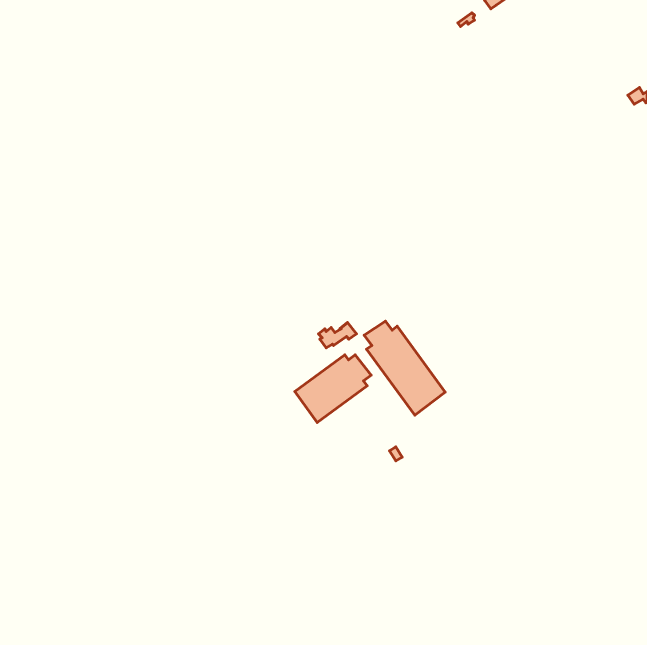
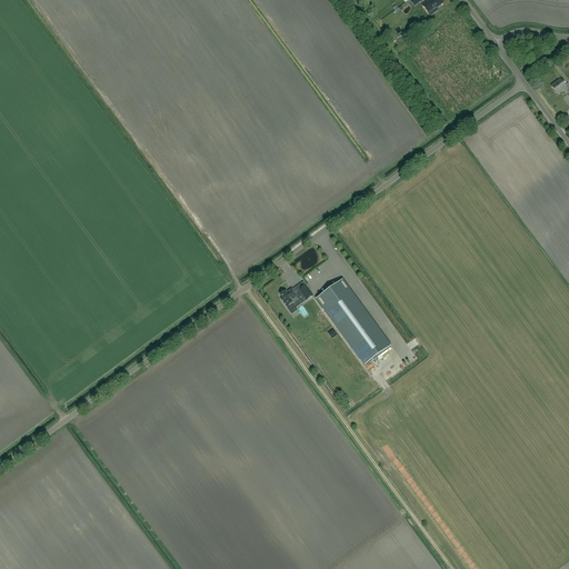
building: [295,355,371,423] -> none

